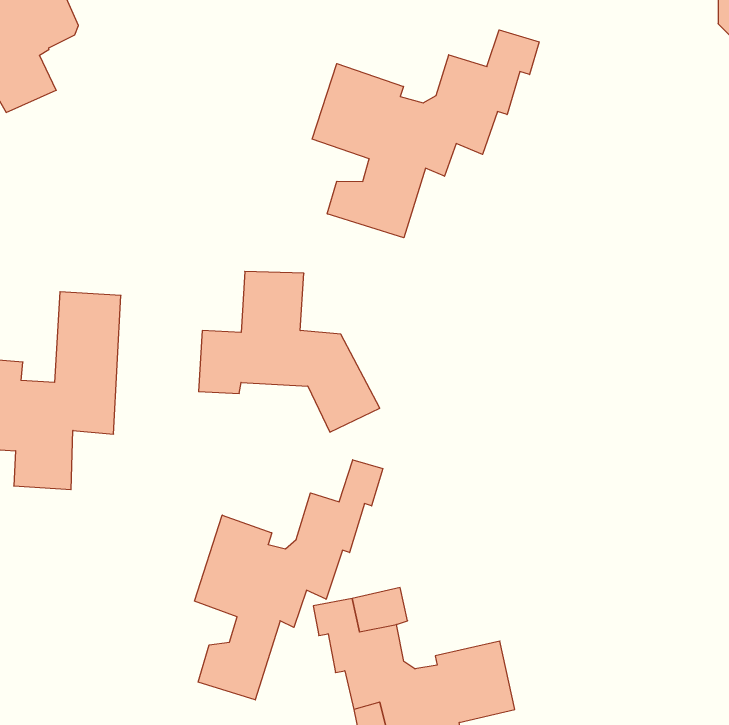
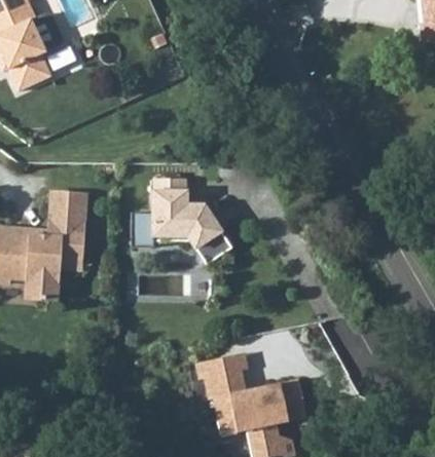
building: [312,30,539,238] -> none
building: [195,460,383,700] -> none

